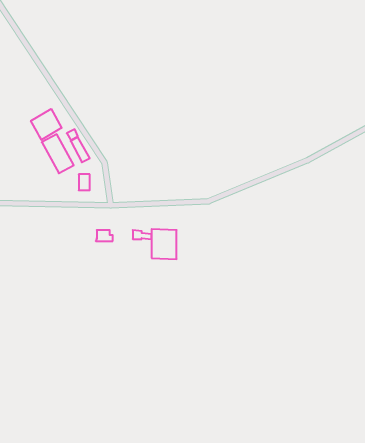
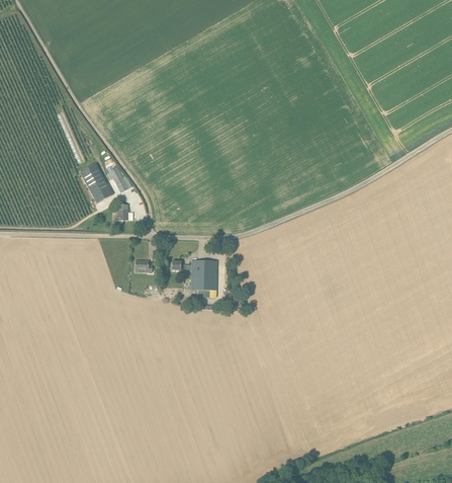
building: [31,109,62,140] -> none

